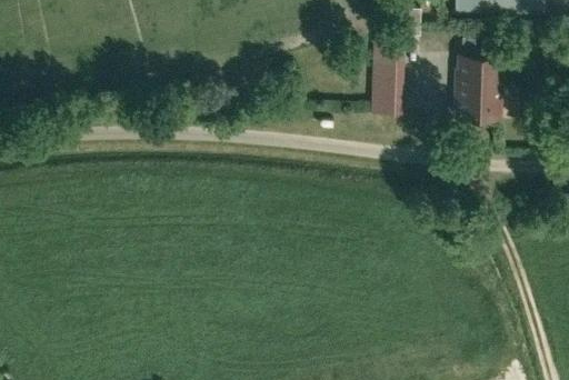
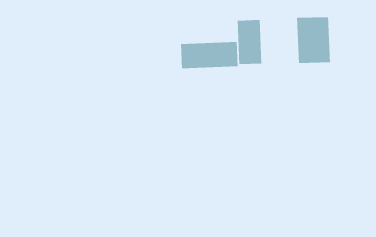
building: none -> [180,41,238,69]

